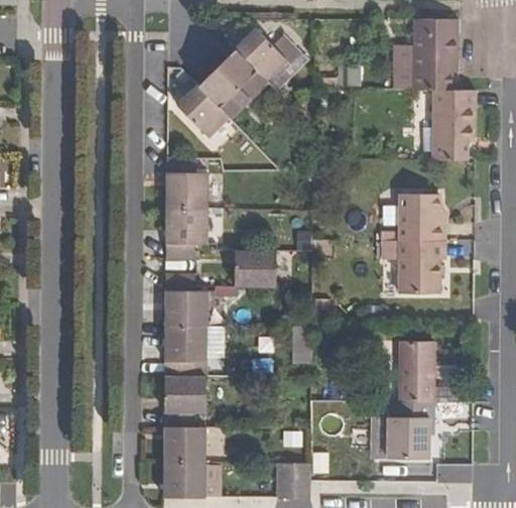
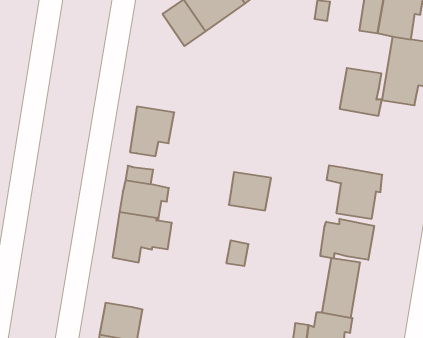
building: [166,159,208,210] -> none
building: [400,196,444,242] -> [340,68,382,116]
building: [235,251,276,287] -> [229,172,271,210]
building: none -> [320,219,374,260]
building: [165,377,207,427] -> none

